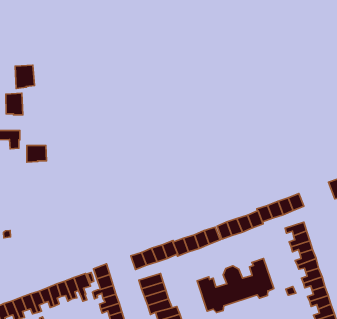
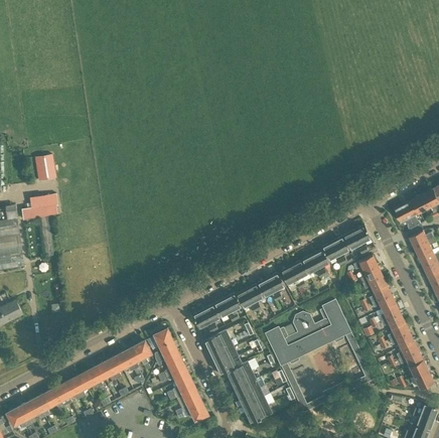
building: [15,65,35,89] -> none
building: [27,145,46,162] -> none

